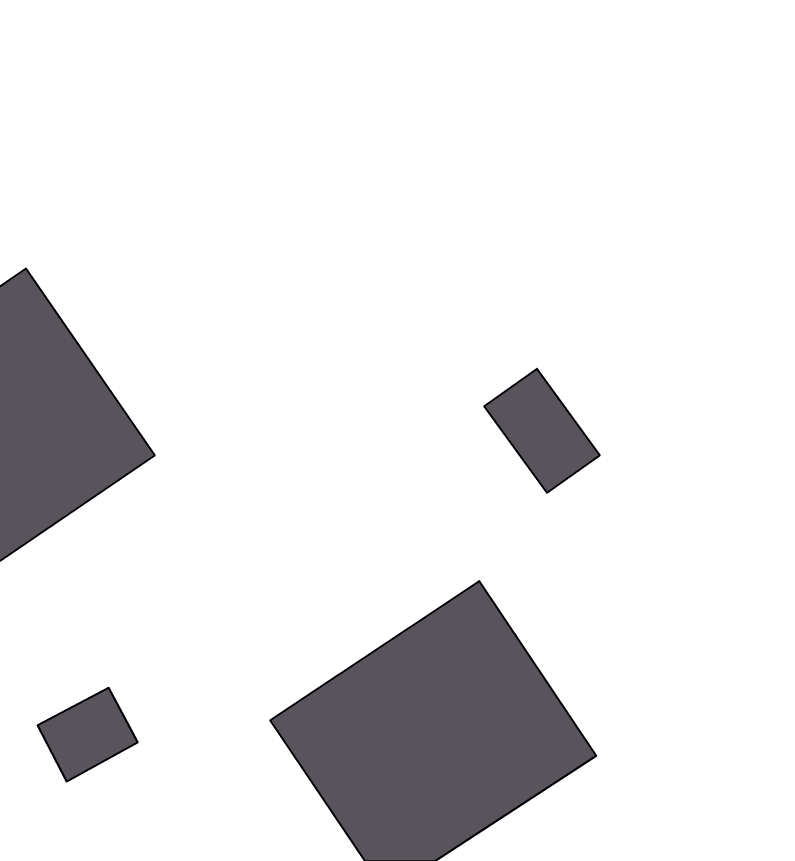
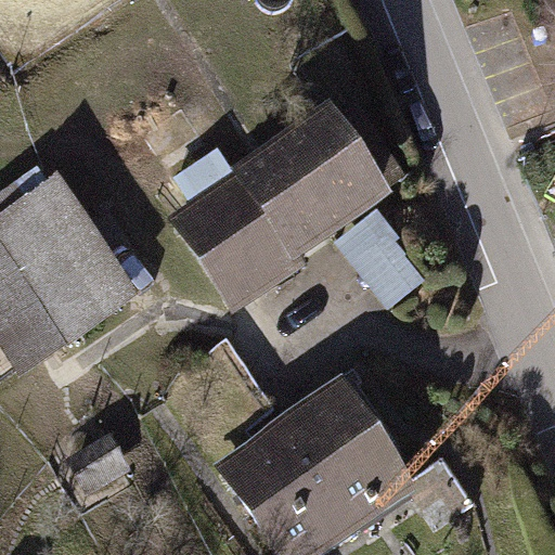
building: none -> [168,100,396,302]

